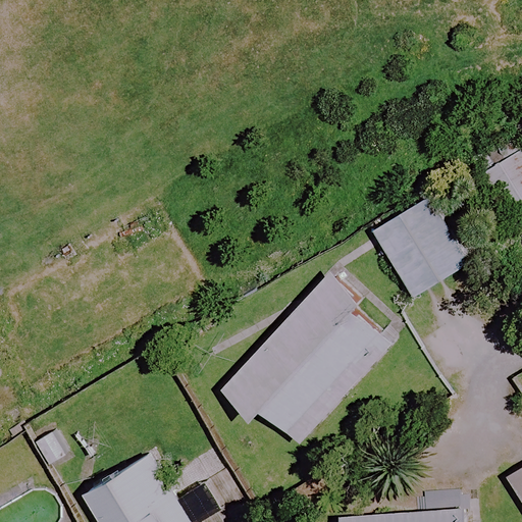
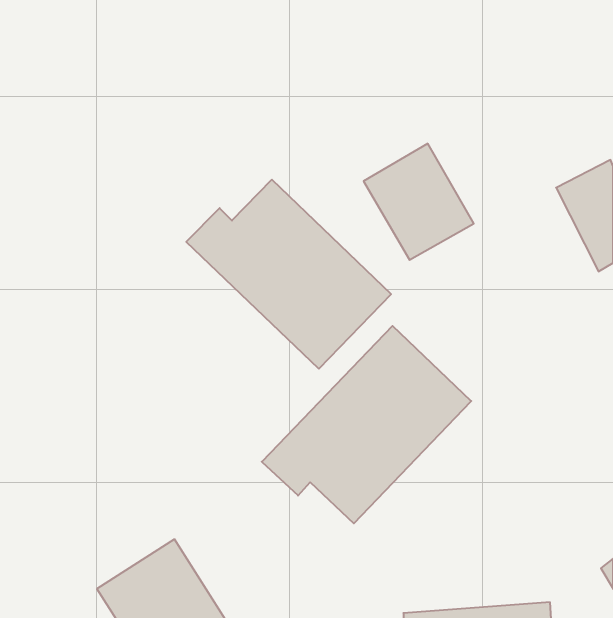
building: none -> [186,180,391,369]
building: [371,199,464,297] -> [364,144,474,260]

